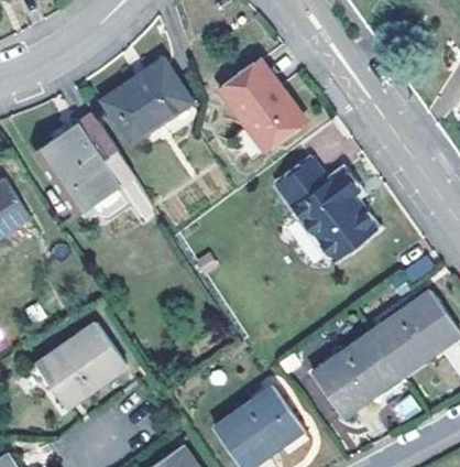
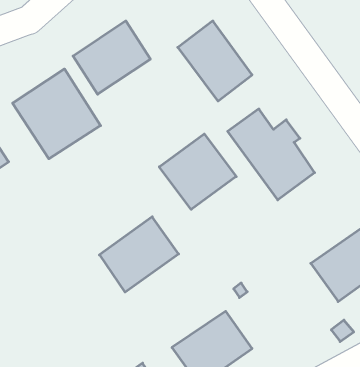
building: none -> [159,134,236,209]
building: [36,323,125,408] -> [99,217,179,292]
building: [311,333,401,416] -> none

